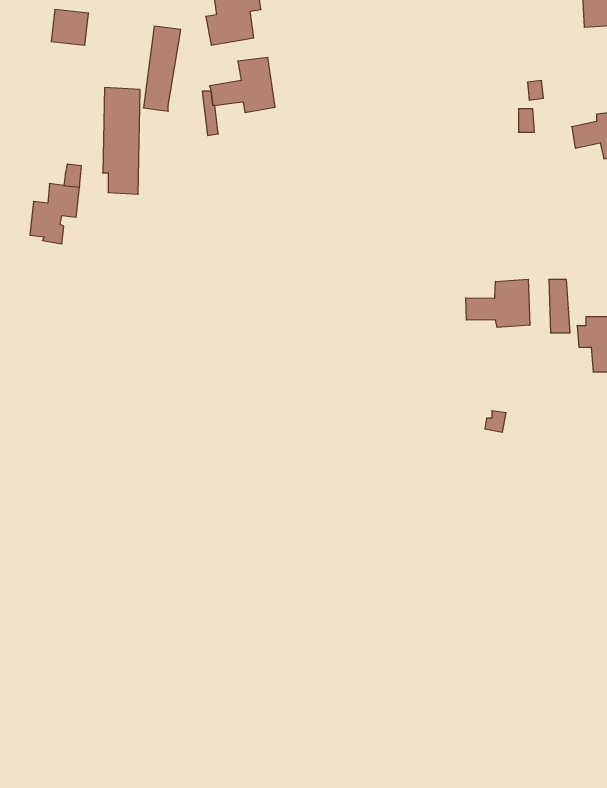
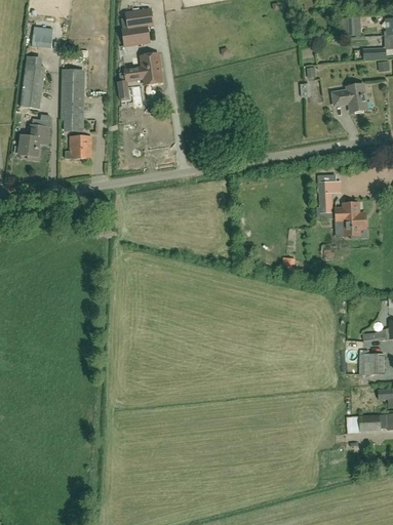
building: [143,26,181,111] -> [21,59,42,109]
building: none -> [66,136,91,160]
building: [466,279,530,327] -> none

